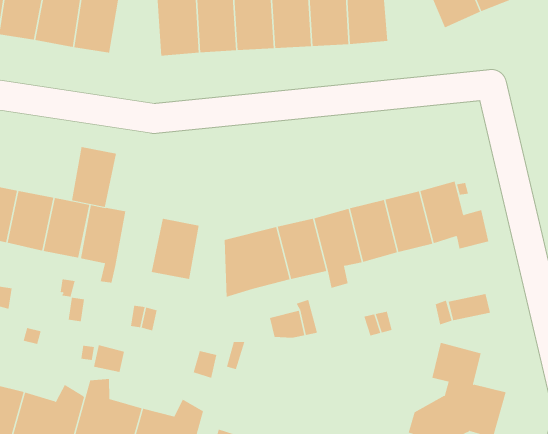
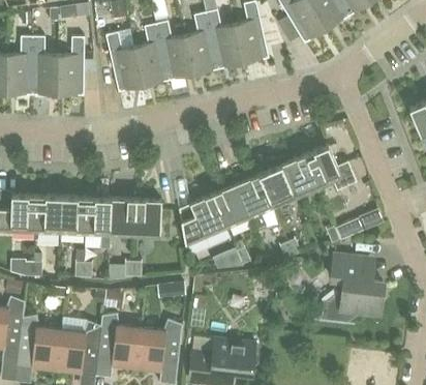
building: [71,147,117,207] -> [110,199,135,237]

